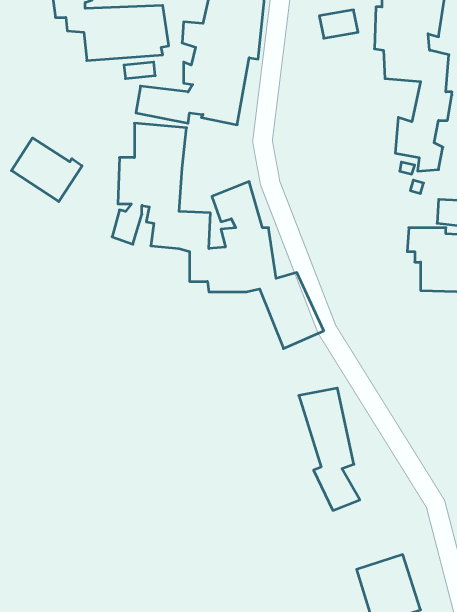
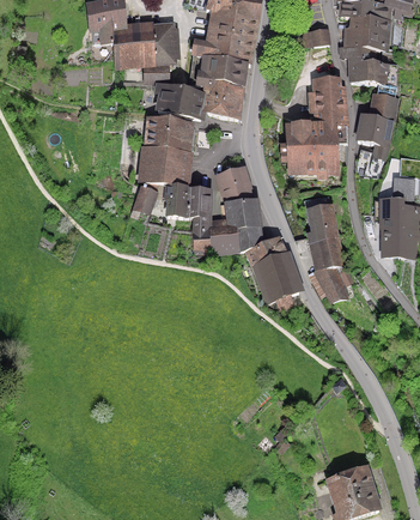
building: none -> [282,77,349,173]
building: [11,138,82,202] -> none
building: [299,388,360,510] -> [304,202,353,301]

